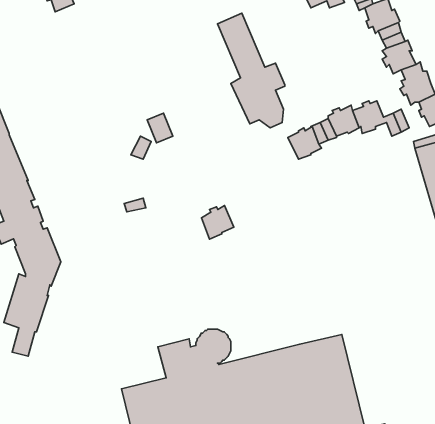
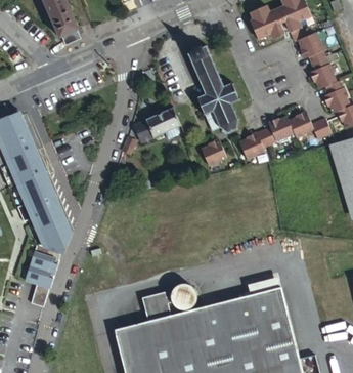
building: none -> [145,109,180,138]
building: [202,206,234,239] -> [204,138,228,164]

